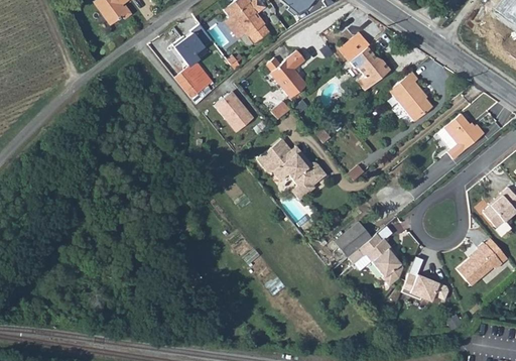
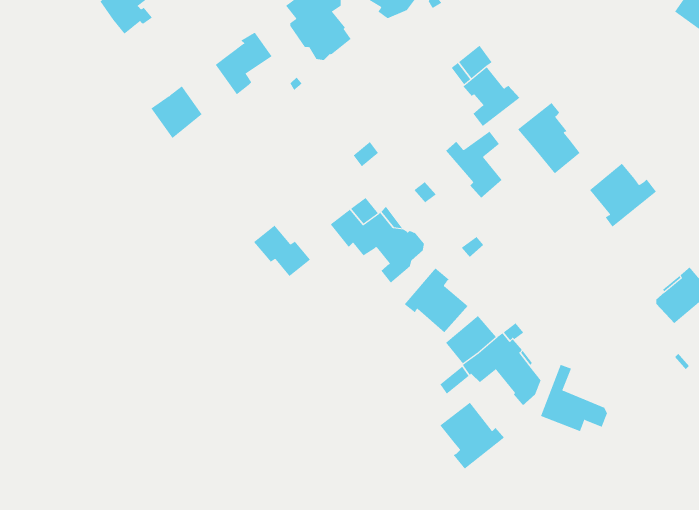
building: [266,50,306,98] -> [445,131,503,198]
building: [176,61,213,98] -> [151,85,202,139]
building: [214,92,254,128] -> [253,225,311,277]
building: none -> [404,268,469,333]
building: [457,243,502,284] -> none
building: none -> [440,402,505,470]

